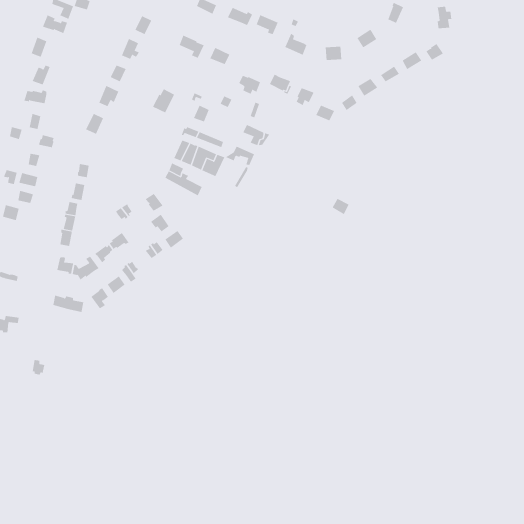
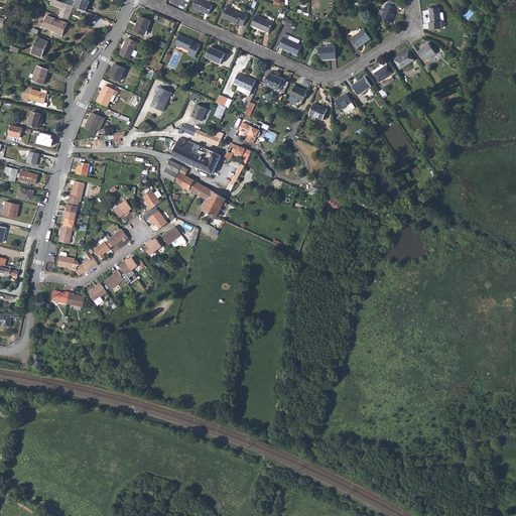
building: none -> [195,183,225,217]

